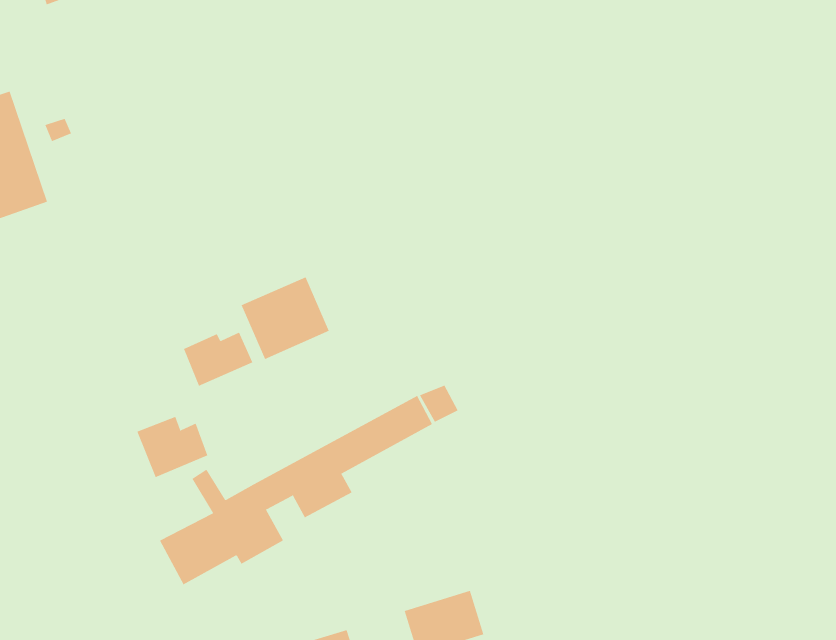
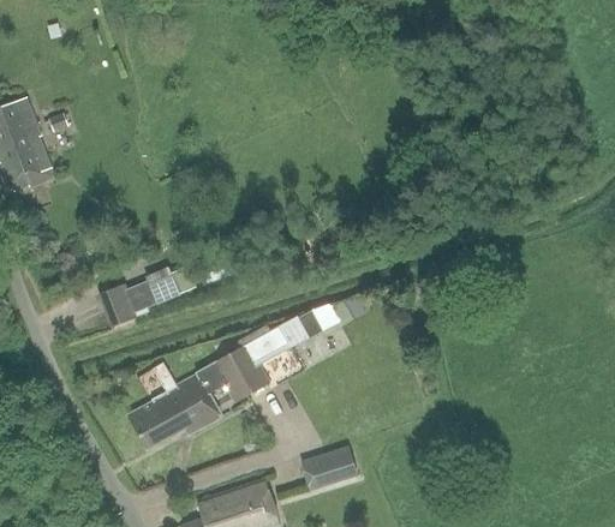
building: [241,277,330,360] -> none
building: [136,416,208,478] -> [100,282,150,325]

